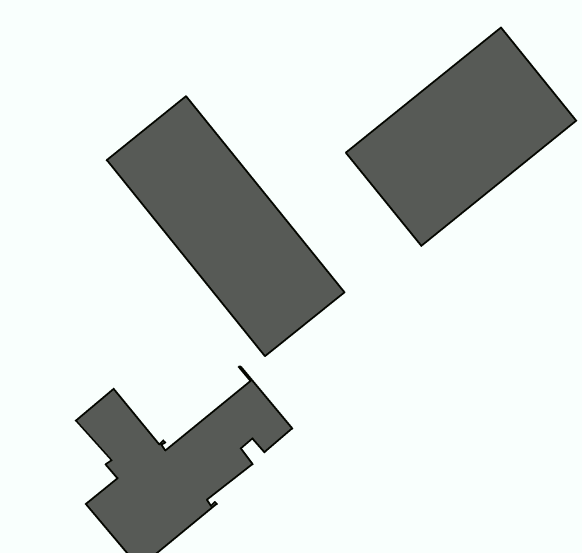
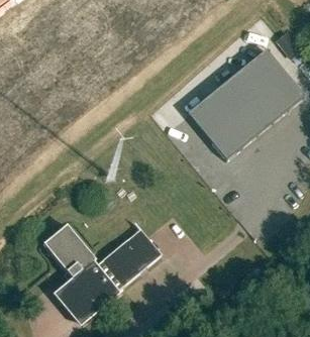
building: [107,96,344,356] -> none

